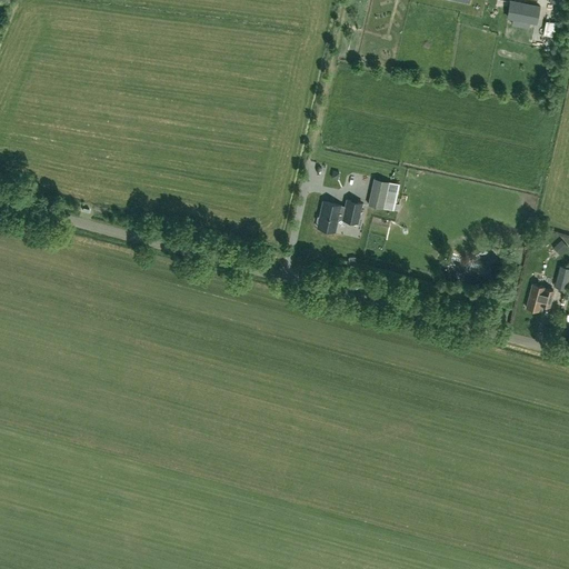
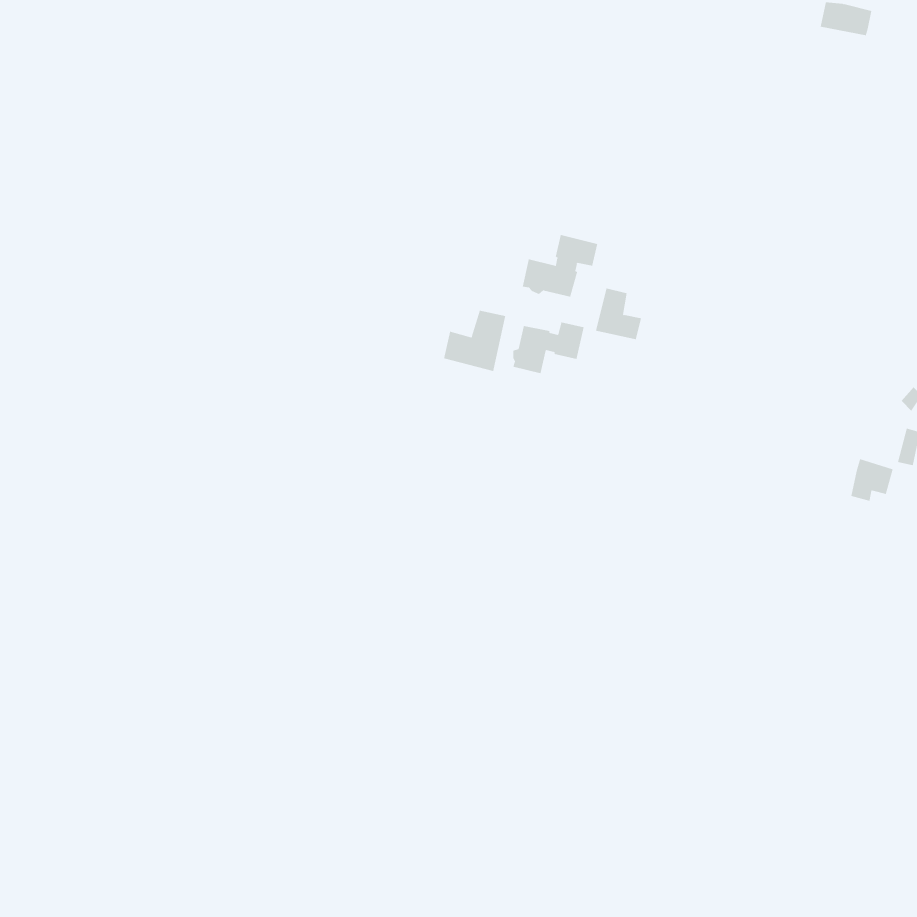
building: none -> [522,234,598,298]
building: none -> [443,310,506,372]

